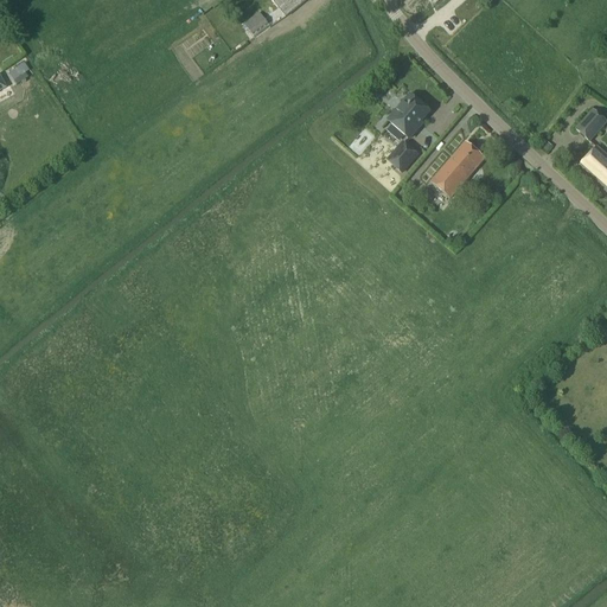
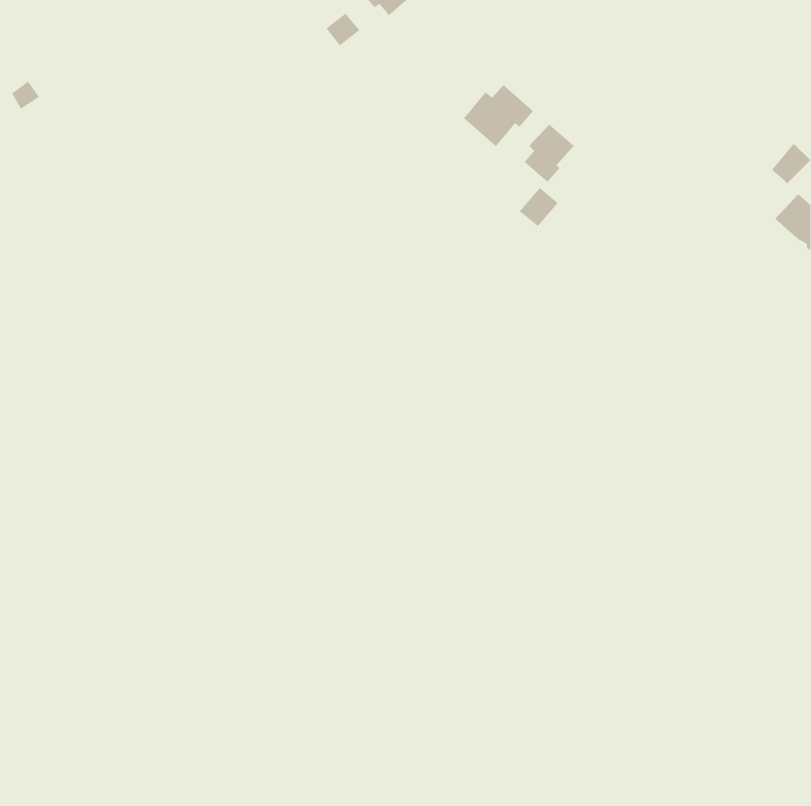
building: none -> [463,84,534,147]
building: [432,140,484,196] -> none

